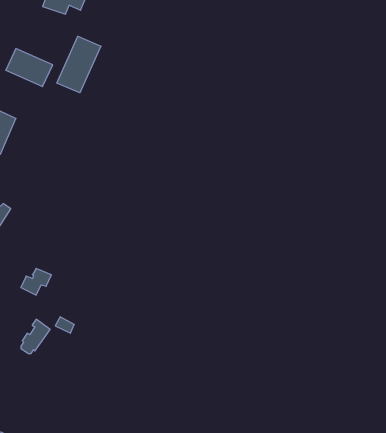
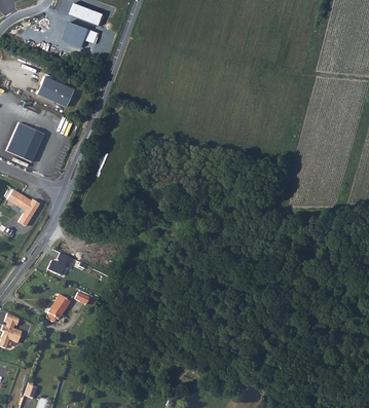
building: [57,36,101,93] -> none

